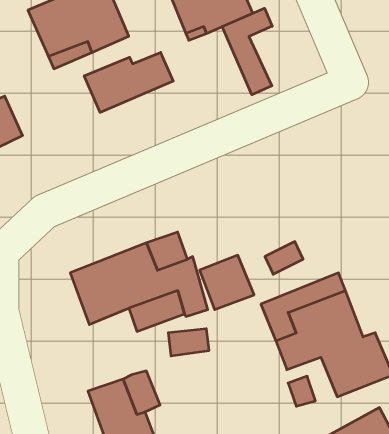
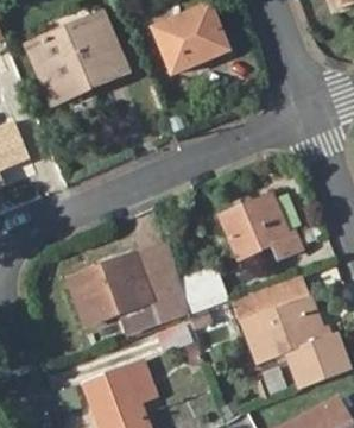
building: [222,8,272,95] -> none
building: [84,52,173,112] -> none
building: none -> [222,196,302,258]

